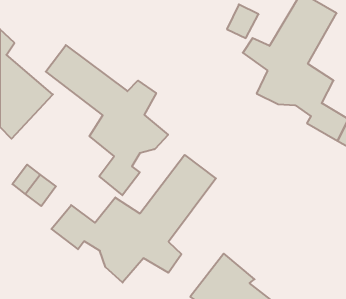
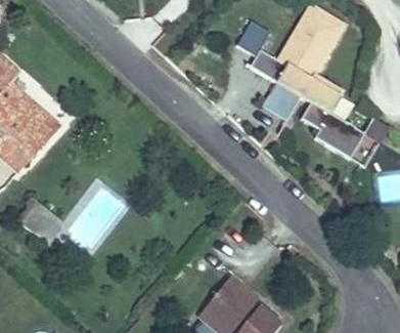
building: [46,45,168,195] -> none
building: [51,155,216,283] -> none

